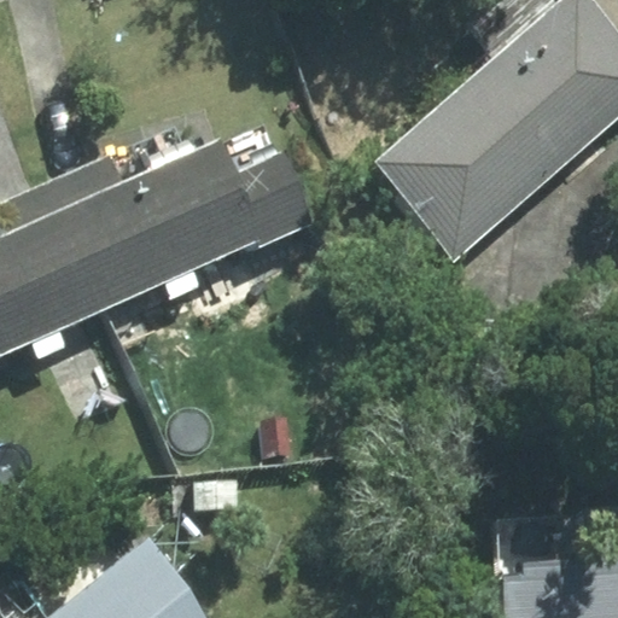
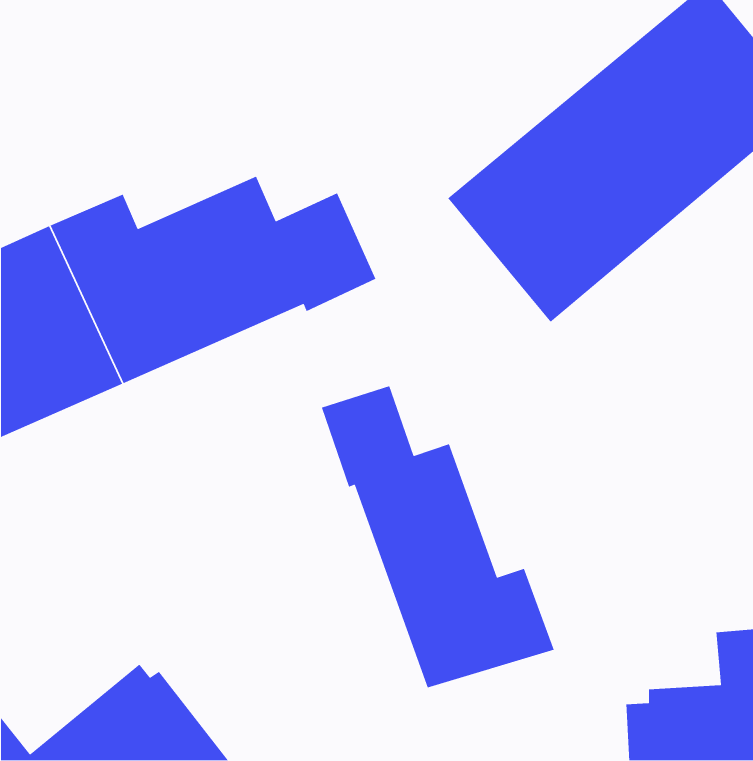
building: none -> [321,385,555,688]

